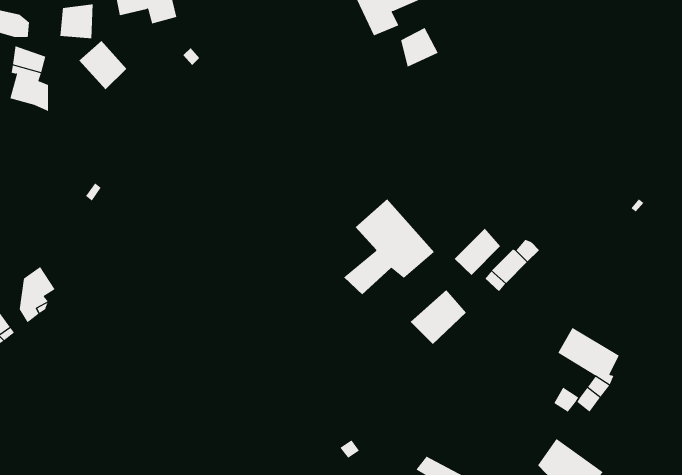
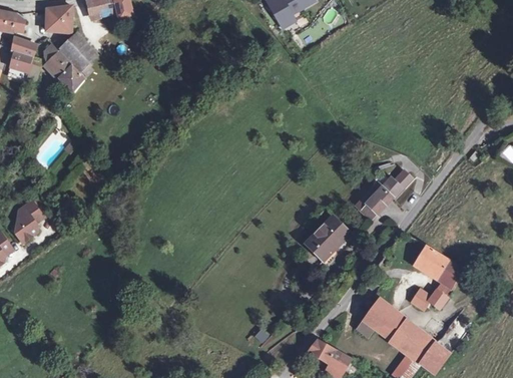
building: [400,27,438,67] -> none
building: none -> [45,44,84,93]
building: [343,198,435,295] -> none
building: [454,228,501,276] -> none
building: none -> [357,301,414,348]

